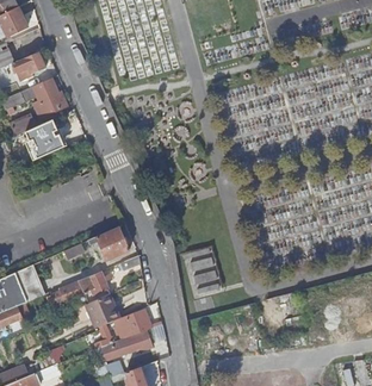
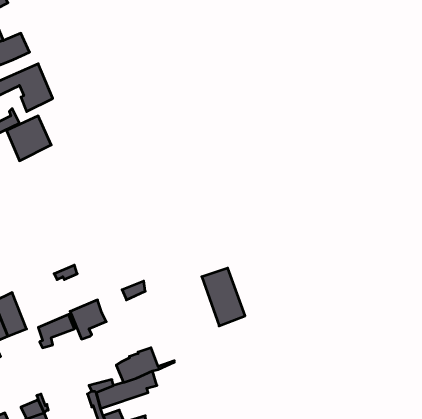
building: [95,228,128,260] -> none
building: [76,294,120,329] -> none

